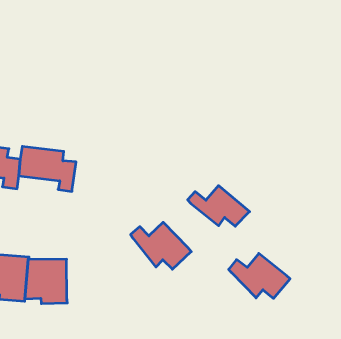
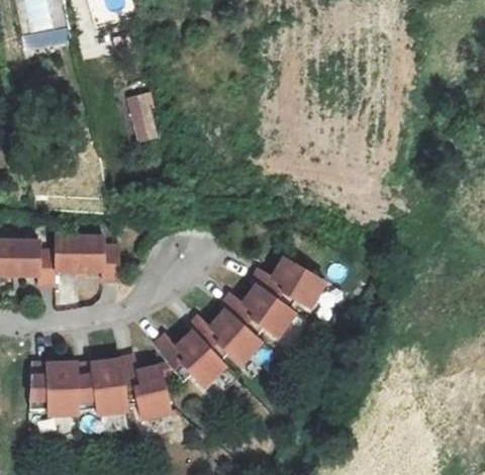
building: none -> [124,94,156,145]
building: none -> [155,330,225,386]
building: [229,253,290,298] -> [223,285,295,337]
building: none -> [118,357,169,419]

